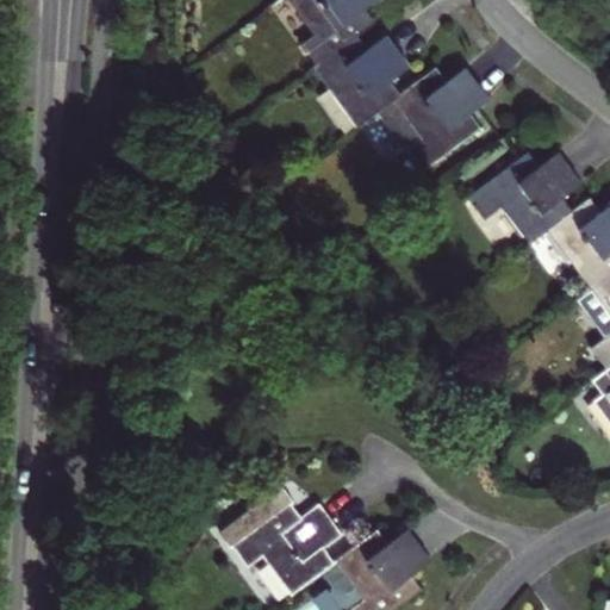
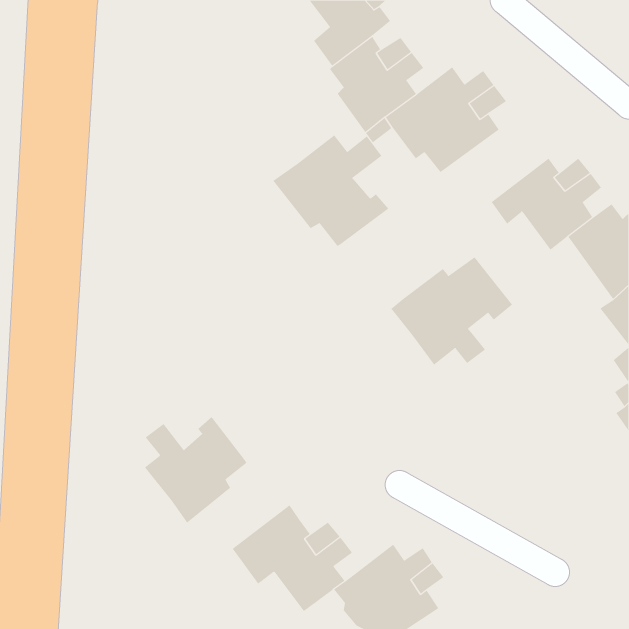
building: none -> [272,134,389,247]
building: none -> [391,256,513,365]
building: none -> [144,416,247,523]

